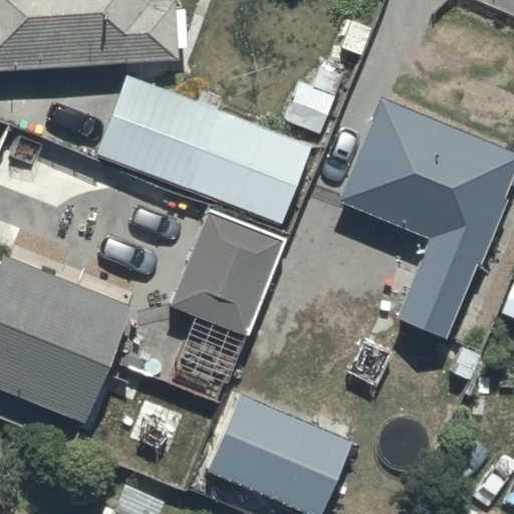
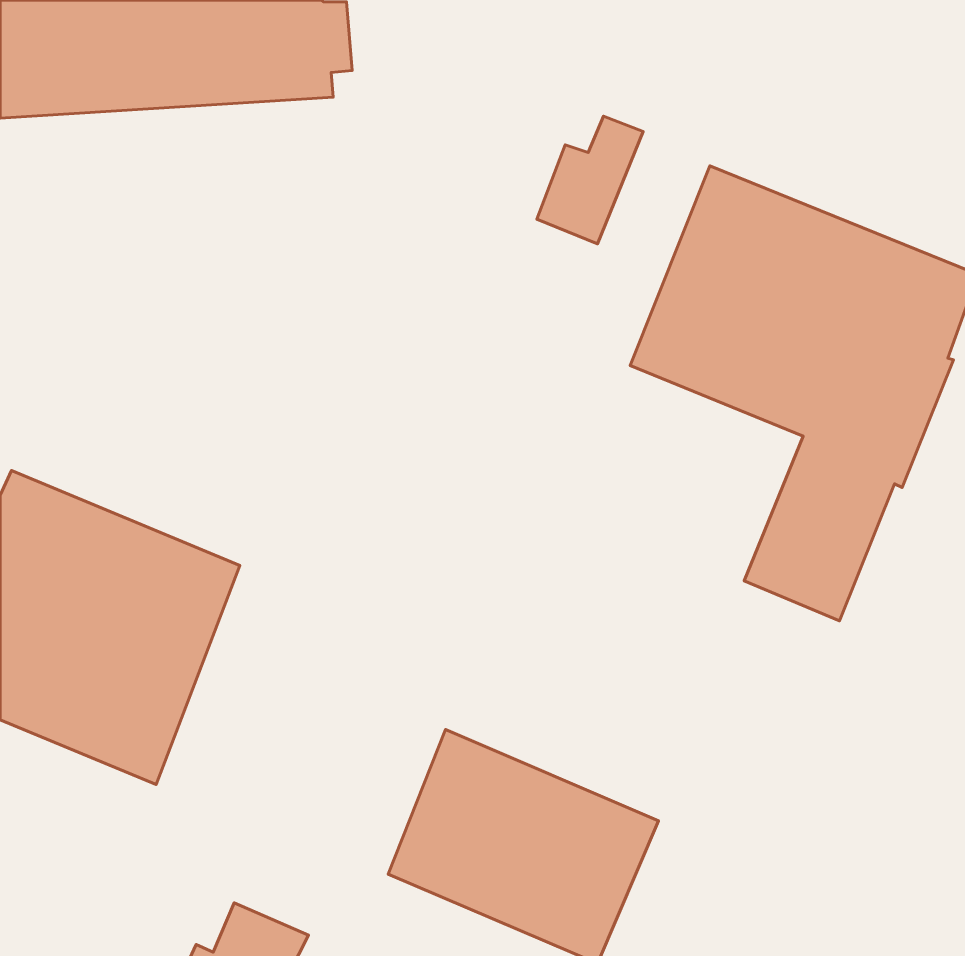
building: [100,76,312,227] -> none
building: [171,211,282,337] -> none

